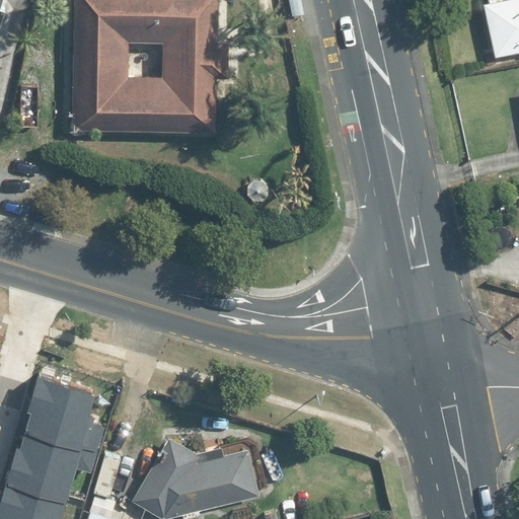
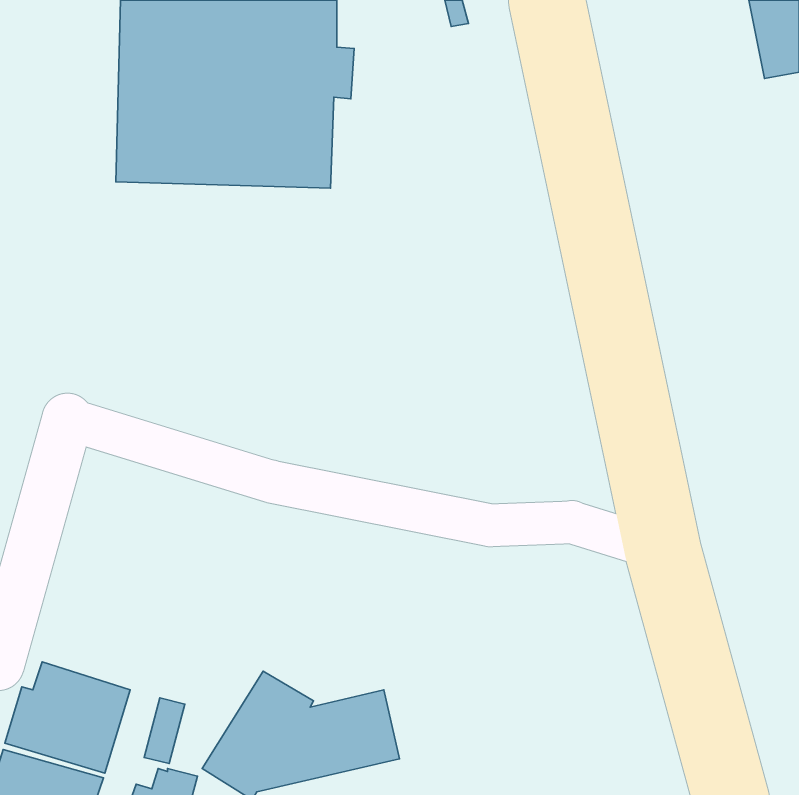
building: [25,381,93,443] -> none

